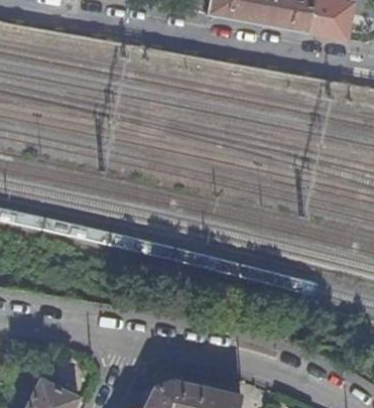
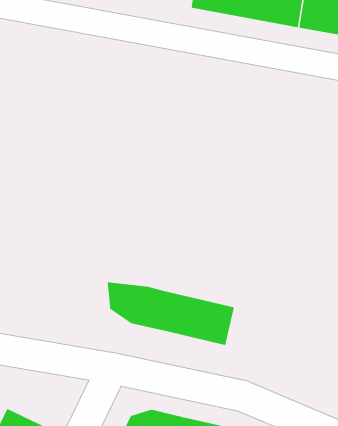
building: none -> [107,282,235,346]

